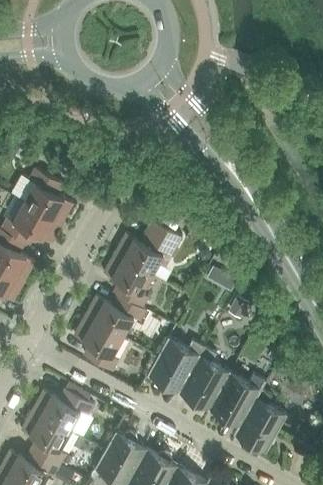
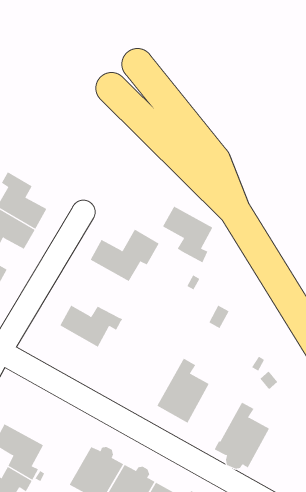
building: [103,253,152,308] -> [162,206,213,263]
building: [74,316,122,371] -> none
building: [147,338,204,393] -> none
building: [208,372,266,427] -> none
building: [32,390,93,431] -> none

